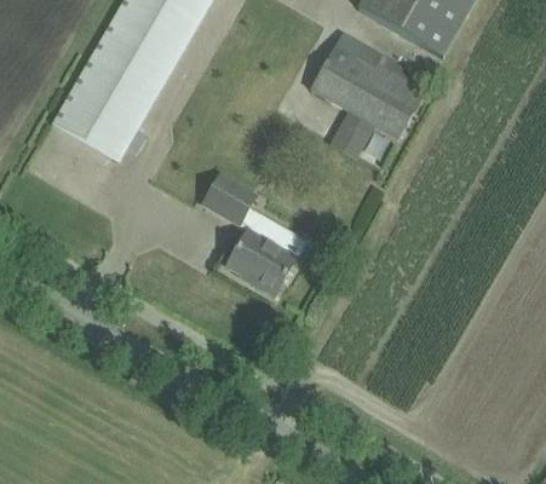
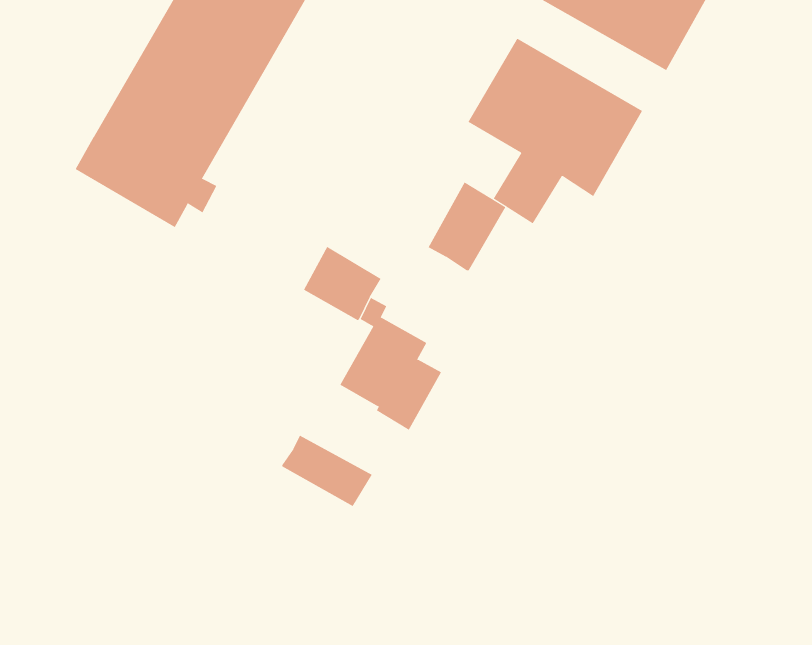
building: none -> [428,181,506,271]
building: none -> [282,435,373,507]

